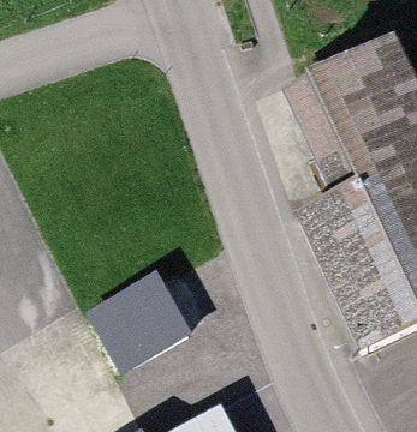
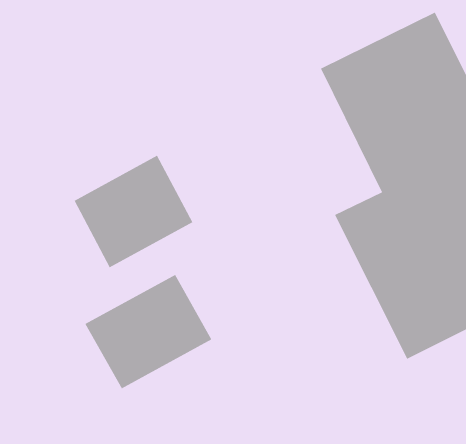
building: none -> [74,155,193,268]

